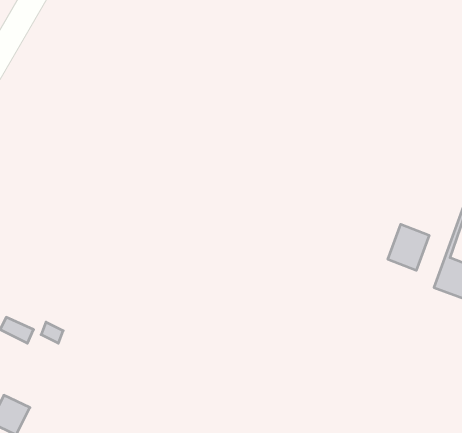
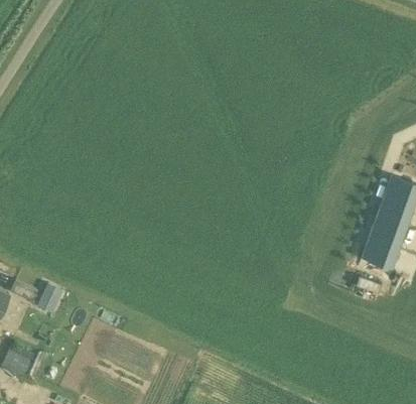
building: [388,224,429,270] -> none

